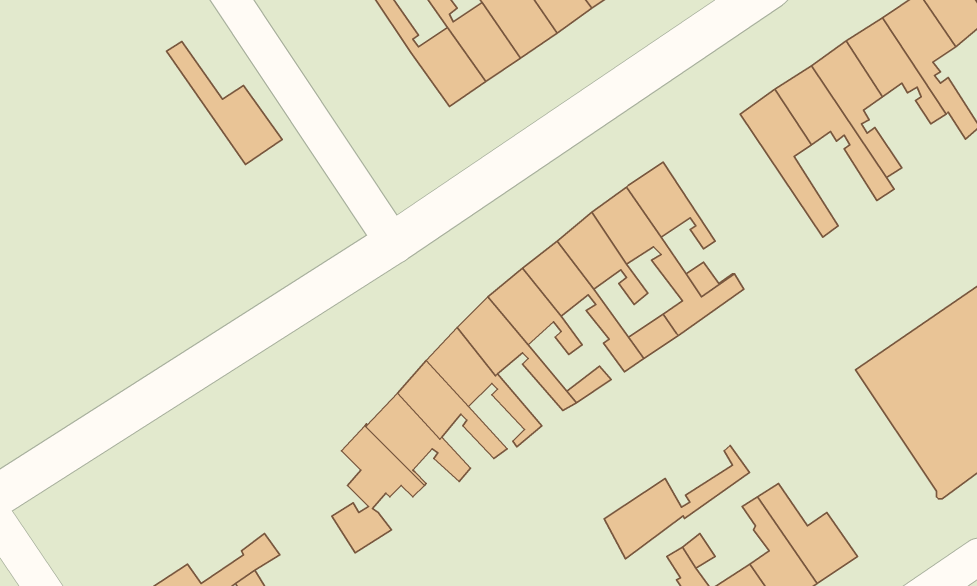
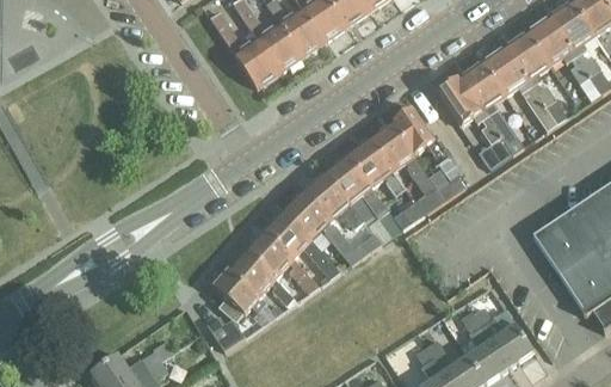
building: [167,41,282,165] -> [210,10,282,86]
building: none -> [437,75,513,167]
building: [604,446,749,559] -> none

